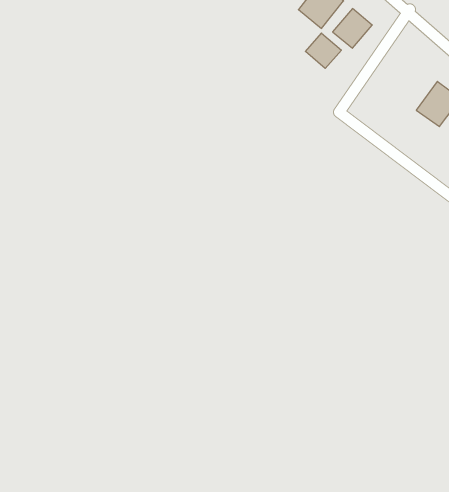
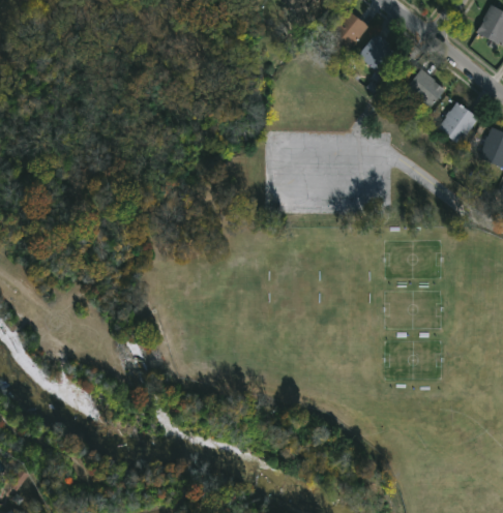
building: [305,33,341,68] -> none
building: none -> [406,68,446,108]

